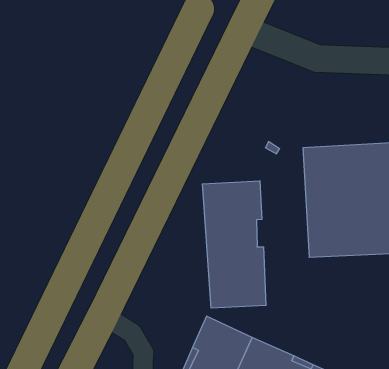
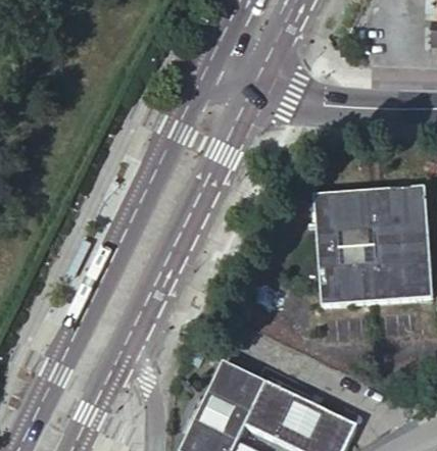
building: [202,181,266,308] -> none

